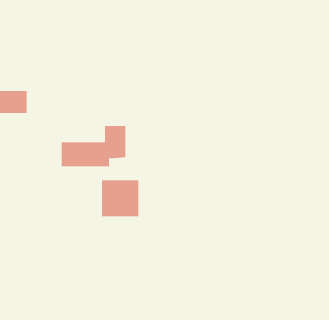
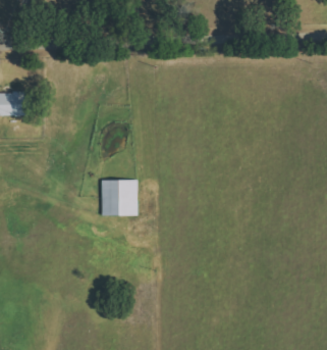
building: [61,125,126,167] -> none

